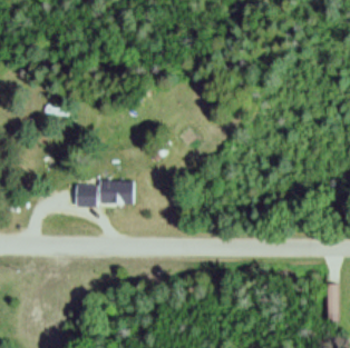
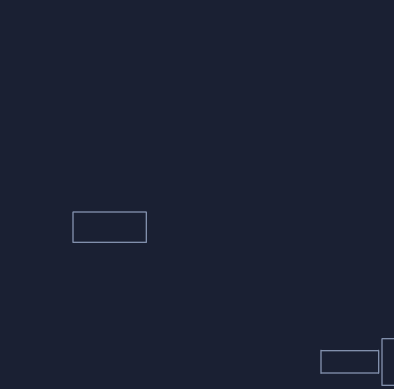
building: none -> [321,350,378,373]

